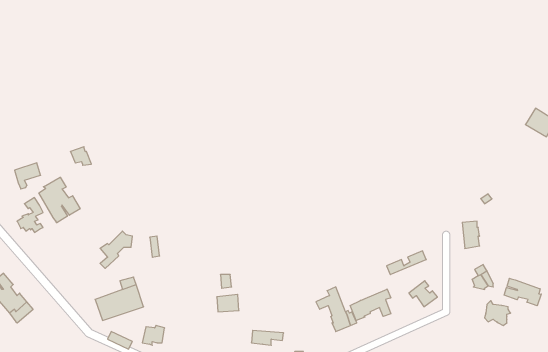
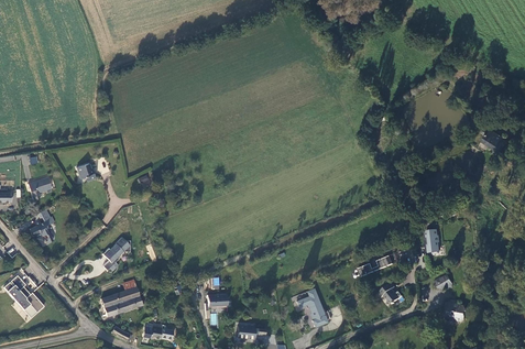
building: [39,177,80,223] -> none
building: [504,278,541,306] -> none
building: [350,289,391,321] -> none

